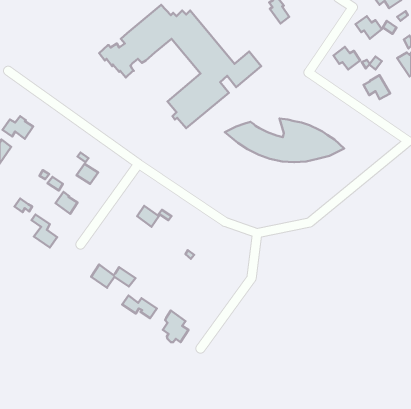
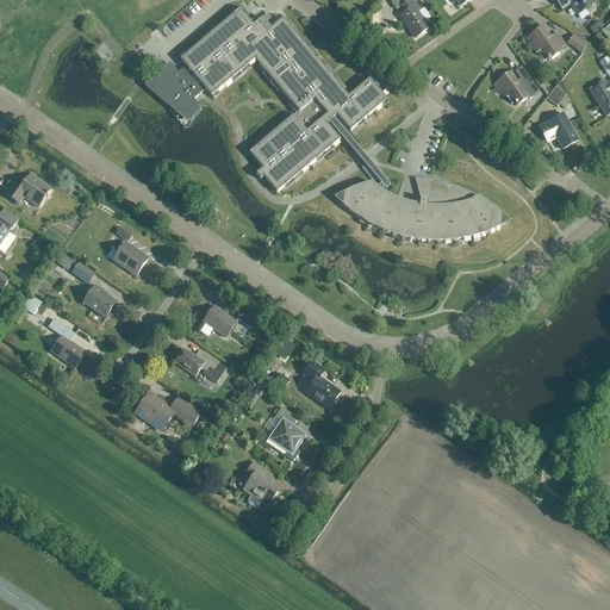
building: none -> [301,359,338,406]
building: none -> [266,405,306,459]
building: [122,296,157,318] -> [174,347,225,380]

